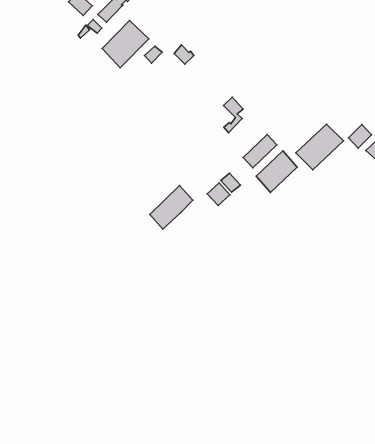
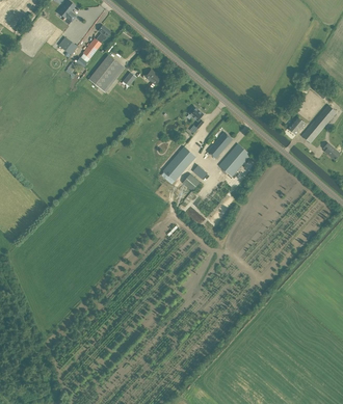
building: [296,124,343,170] -> none
building: [150,185,193,229] -> [162,146,194,182]

